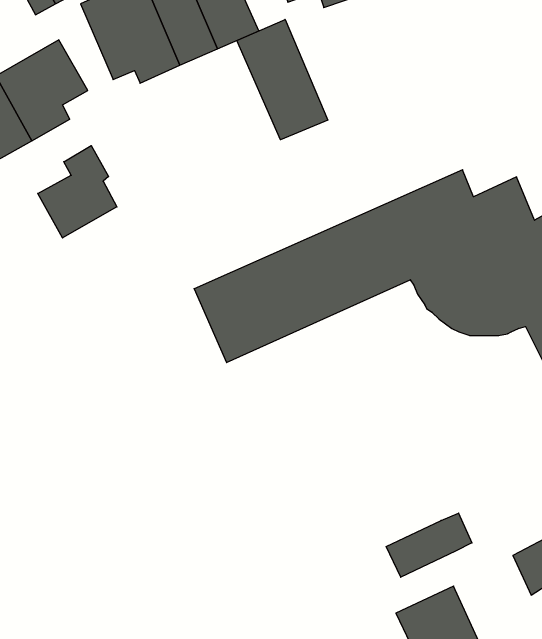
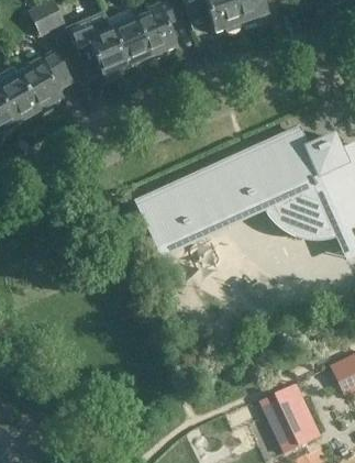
building: [237,19,328,140] -> none
building: [38,146,117,238] -> none
building: [386,513,472,577] -> none

